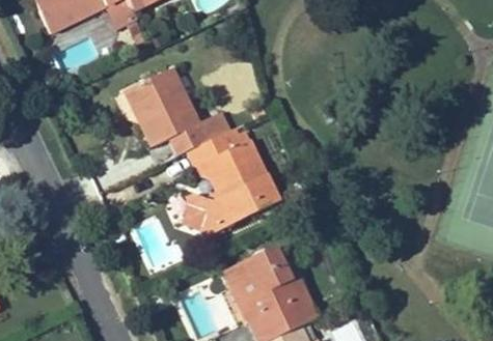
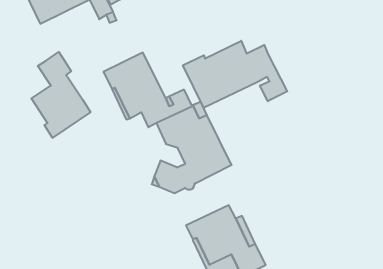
building: none -> [183,41,287,108]
building: none -> [31,52,90,138]

